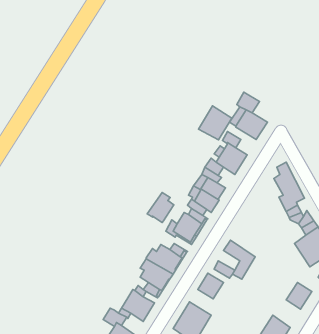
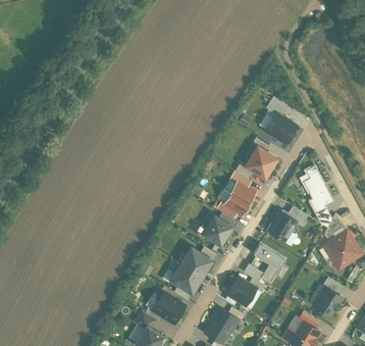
building: [199,106,232,140] -> none
building: [147,193,174,222] -> none
building: none -> [266,212,297,242]

